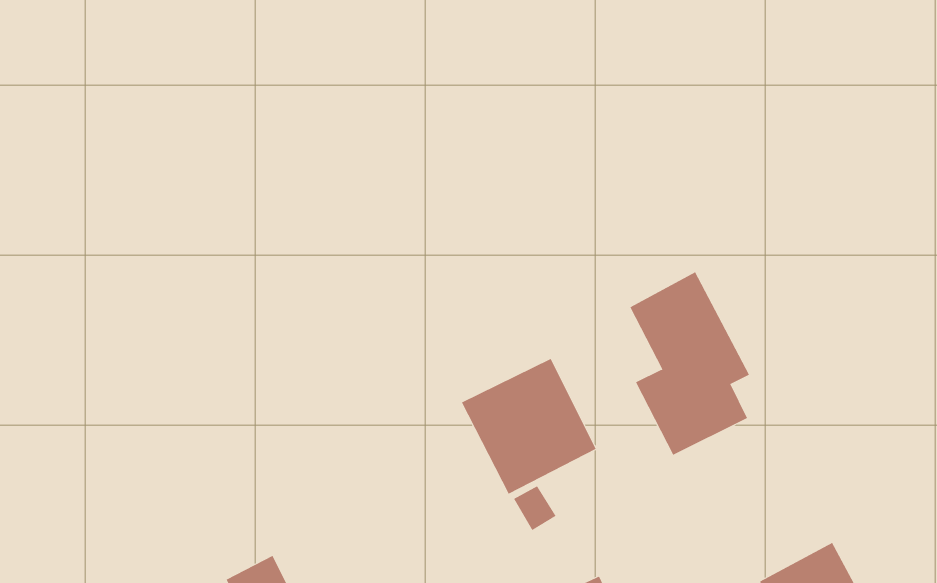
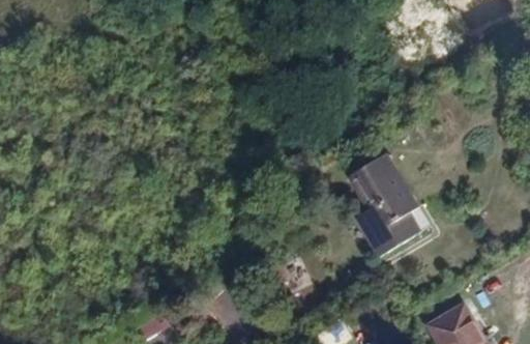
building: [461,358,596,494] -> none

